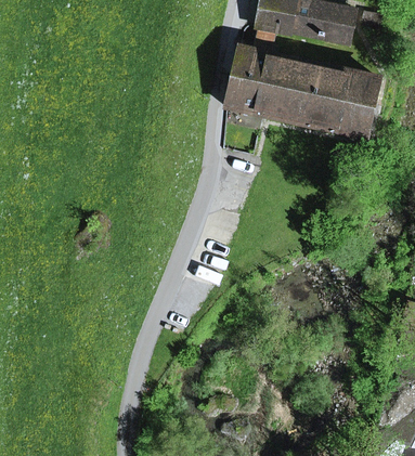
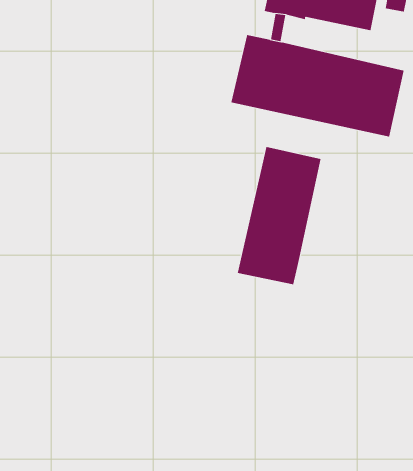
building: none -> [237,146,321,285]

